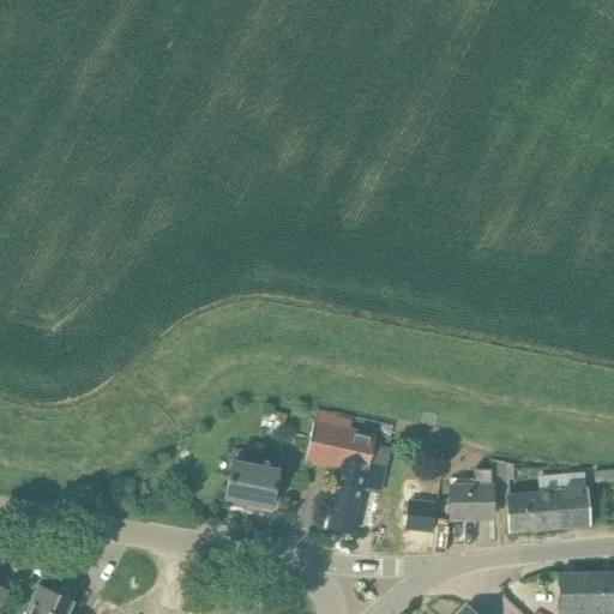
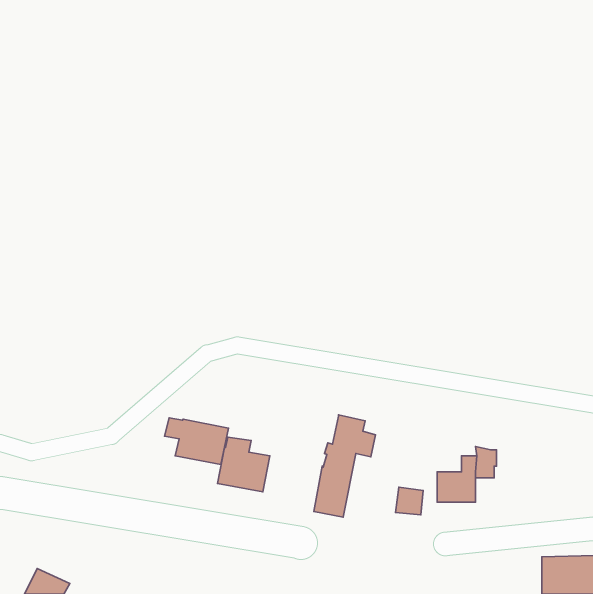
building: [306,410,353,468] -> none
building: none -> [164,418,229,464]
building: [507,476,590,532] -> none

